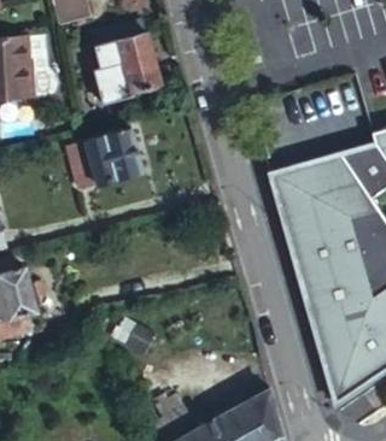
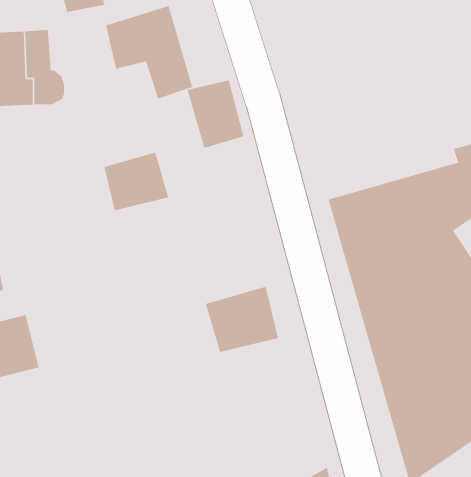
building: none -> [187,79,244,149]
building: none -> [205,286,279,353]

